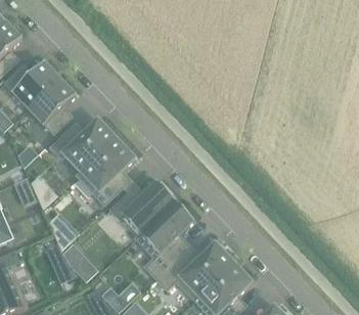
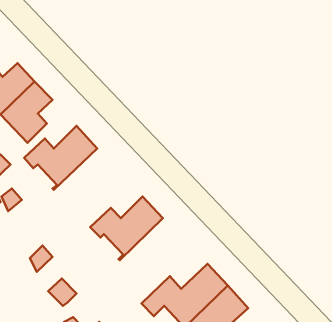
building: [77,138,134,202] -> none
building: [136,200,193,277] -> none

